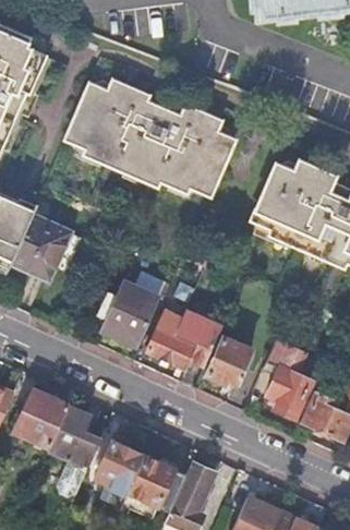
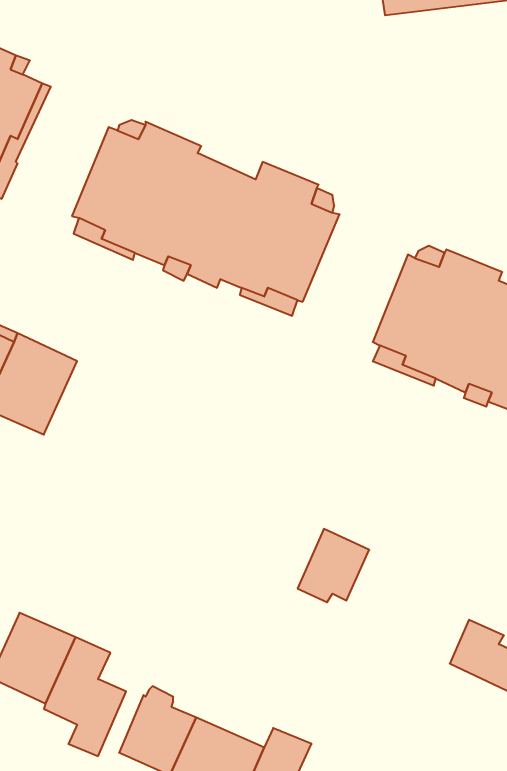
building: [97,282,157,347] -> none
building: [145,310,217,371] -> none
building: [264,338,311,418] -> none

